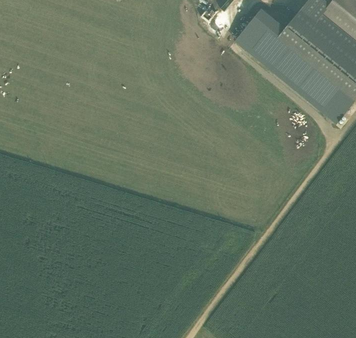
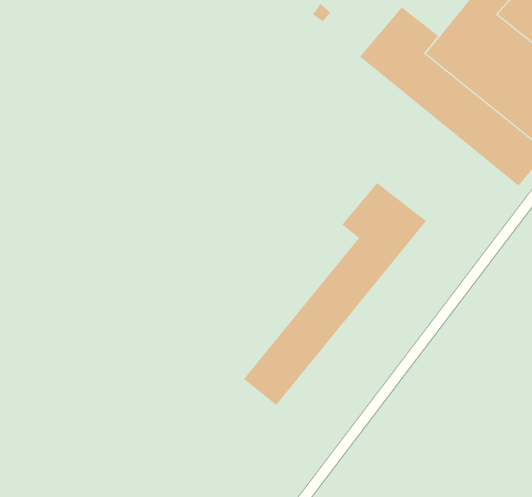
building: none -> [243,182,427,406]

